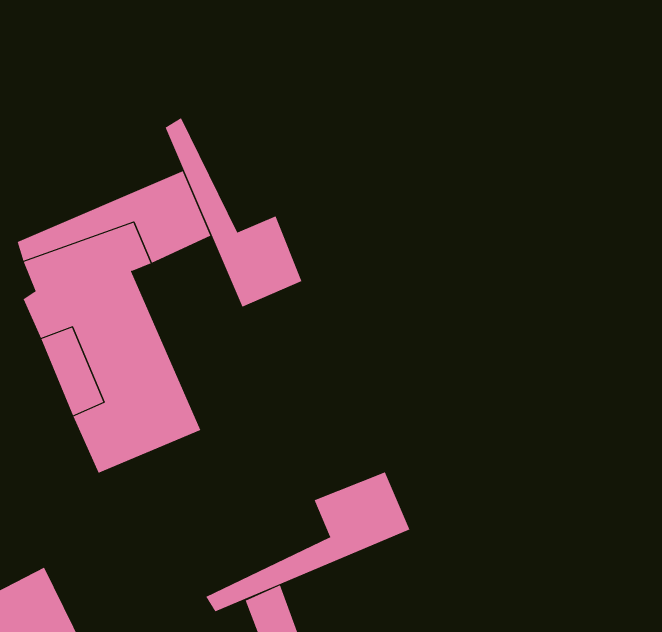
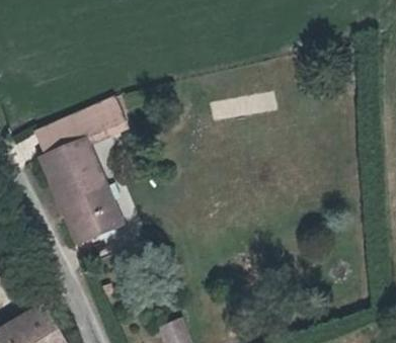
building: [165,117,302,308] -> none
building: [206,472,410,612] -> none

